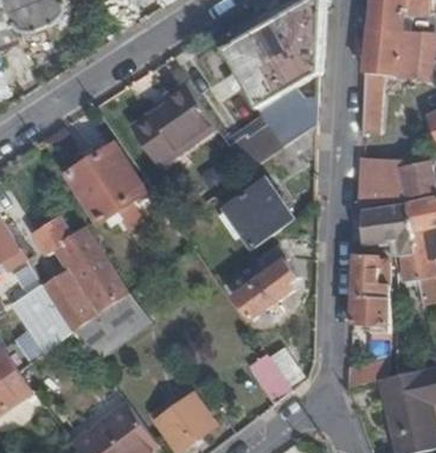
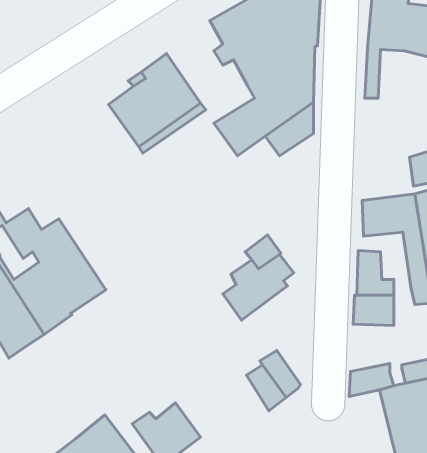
building: [68,143,143,222] -> none
building: [357,159,405,208] -> none
building: [223,177,290,244] -> none
building: [72,291,152,359] -> none

